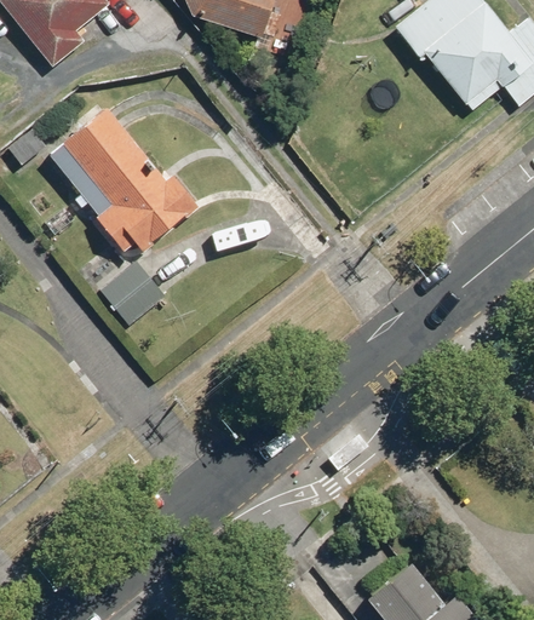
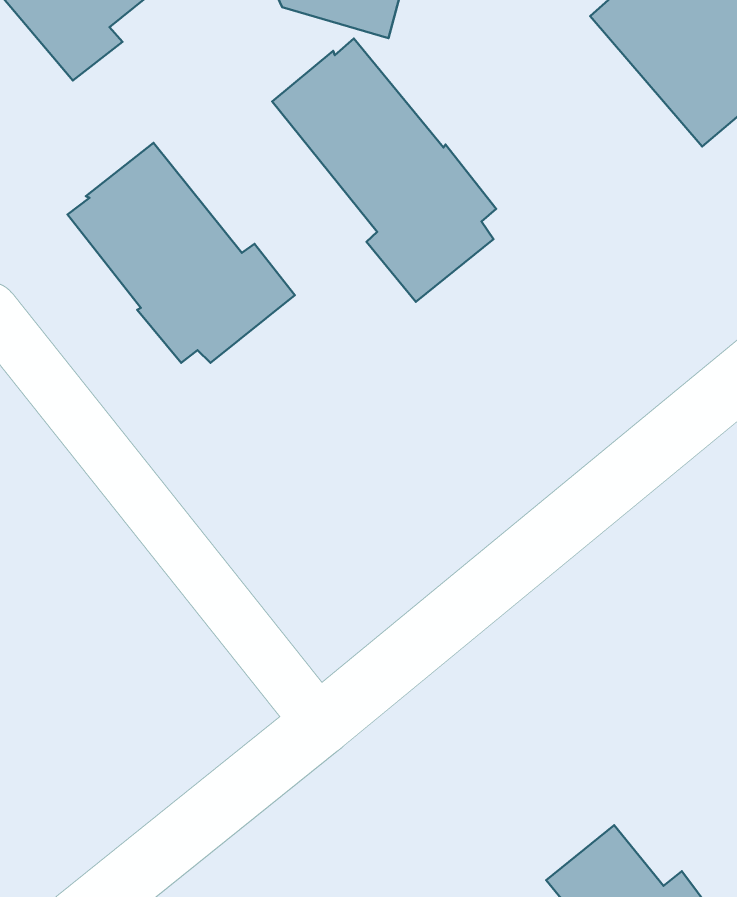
building: none -> [272,38,496,302]
building: [101,260,166,326] -> none

